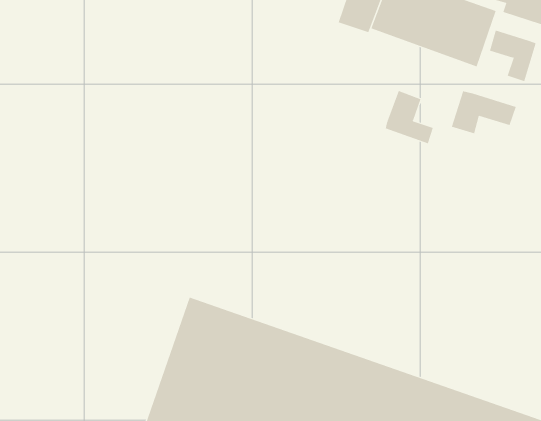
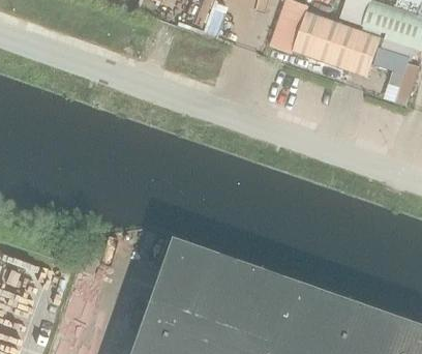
building: [385,90,434,144] -> none
building: [451,90,517,134] -> none

